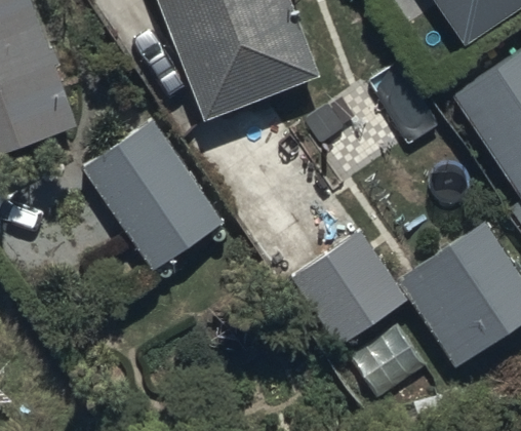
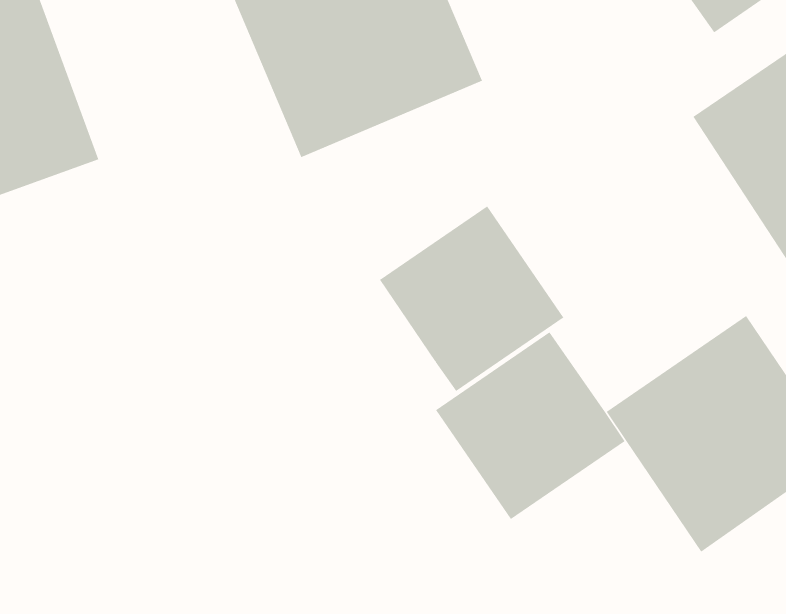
building: [85,122,226,270] -> none
building: none -> [379,206,564,392]

